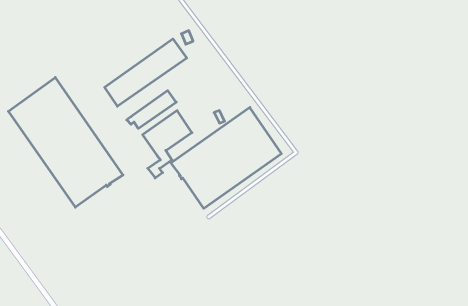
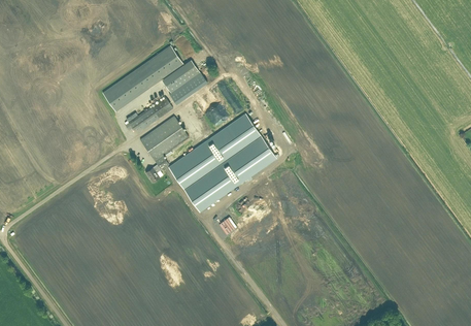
building: none -> [165,63,207,104]
building: [8,77,123,207] -> none

